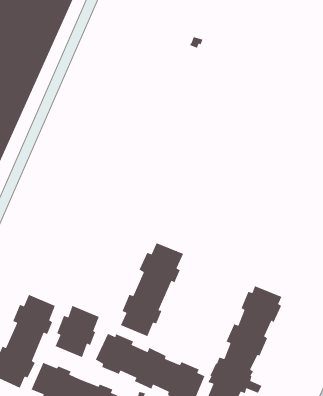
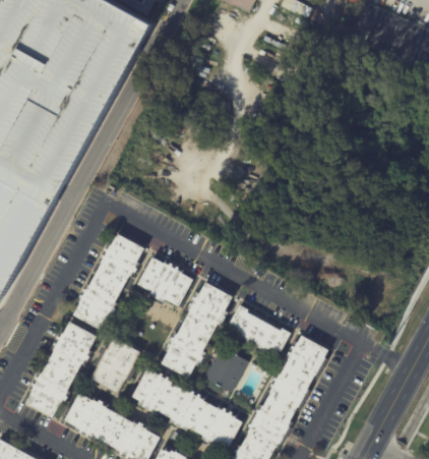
building: none -> [73,234,144,332]
building: none -> [137,256,193,306]
building: none -> [229,304,290,352]
building: none -> [204,347,246,393]

